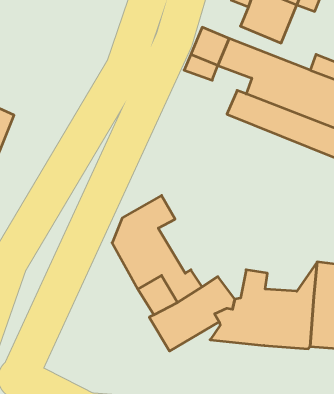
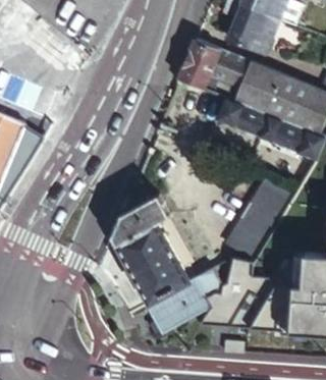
building: none -> [222,177,287,258]

